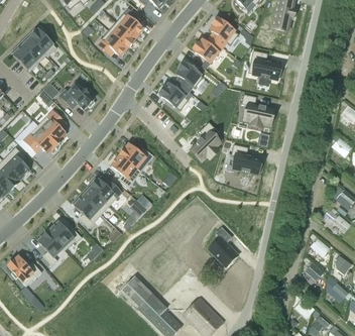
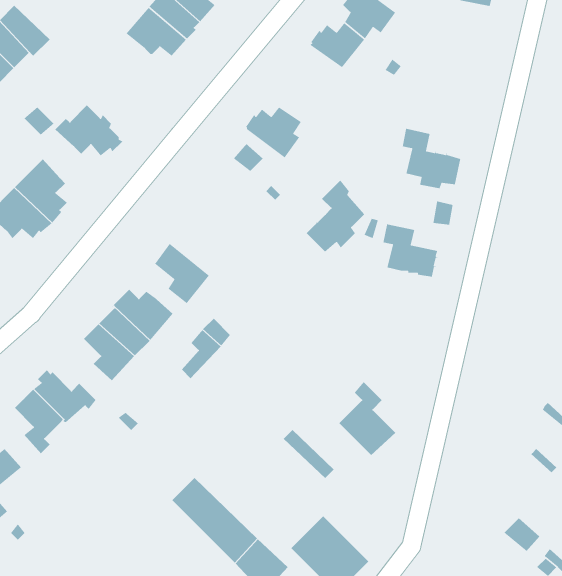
building: [247,49,279,79] -> none
building: [175,63,203,91] -> none
building: [119,143,153,172] -> none

